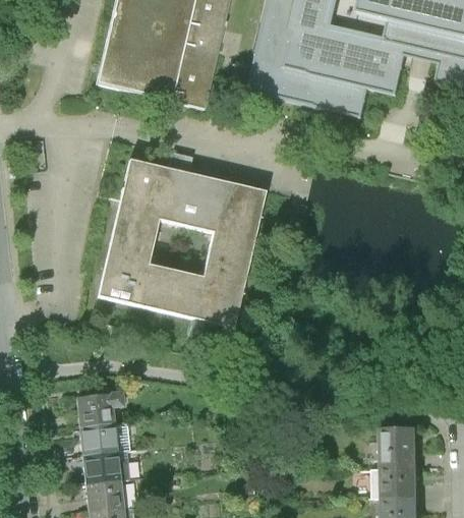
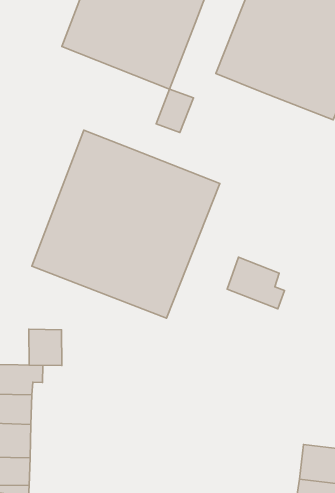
building: none -> [156,89,193,132]
building: none -> [227,257,285,309]
building: none -> [29,329,62,366]

